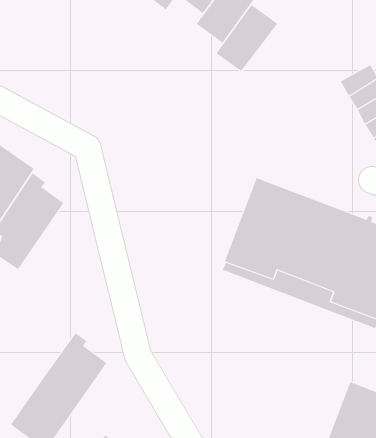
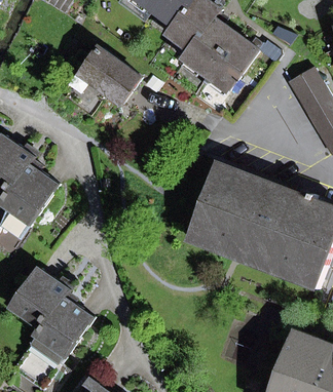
building: none -> [205,33,257,89]
building: none -> [78,46,139,103]
building: none -> [7,267,68,330]

